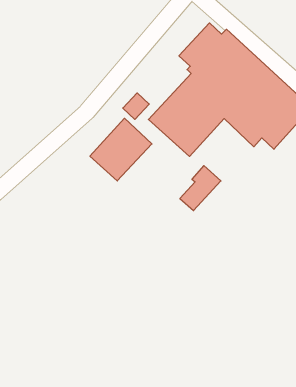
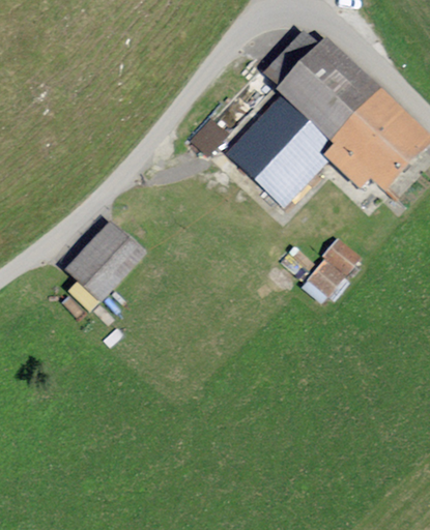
building: [90,118,152,181] -> [66,220,146,301]
building: [180,166,221,211] -> [306,240,359,298]

